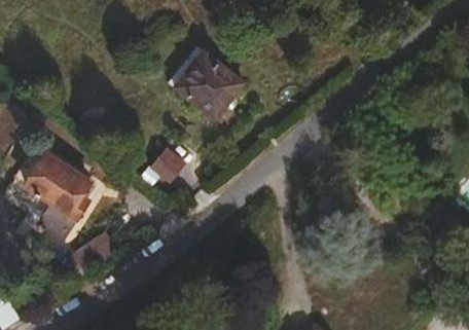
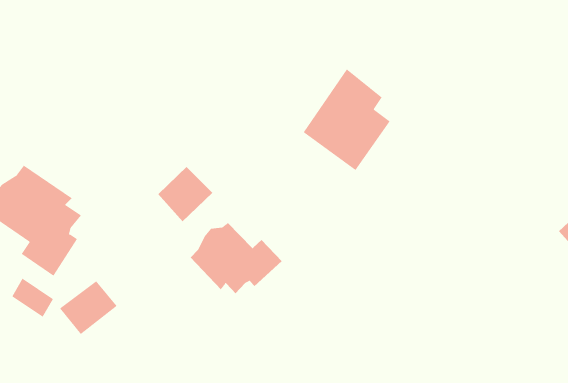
building: [173,44,241,123] -> [303,68,390,171]
building: none -> [190,222,283,294]

